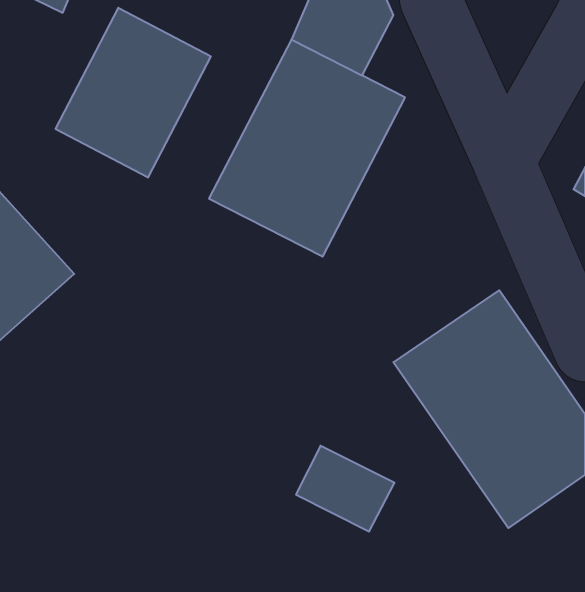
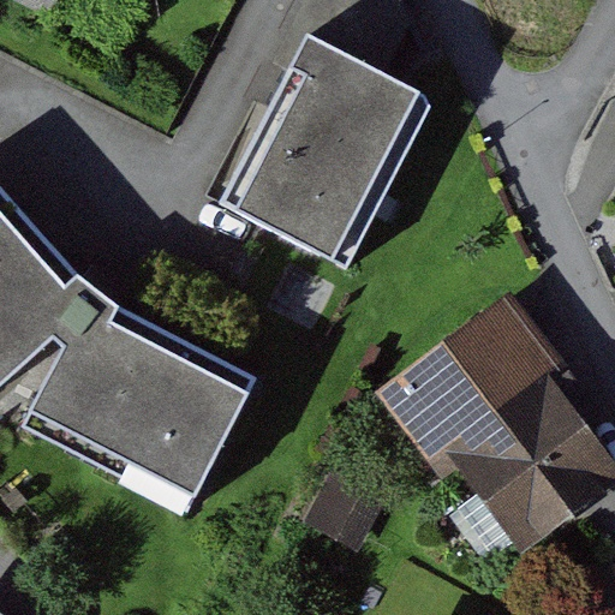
building: [56,8,211,178] -> none
building: none -> [18,298,246,510]

